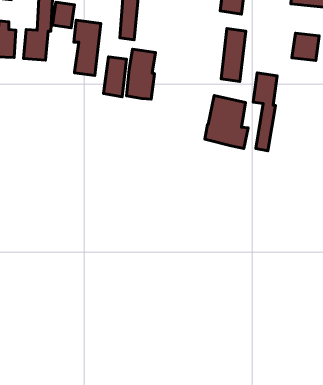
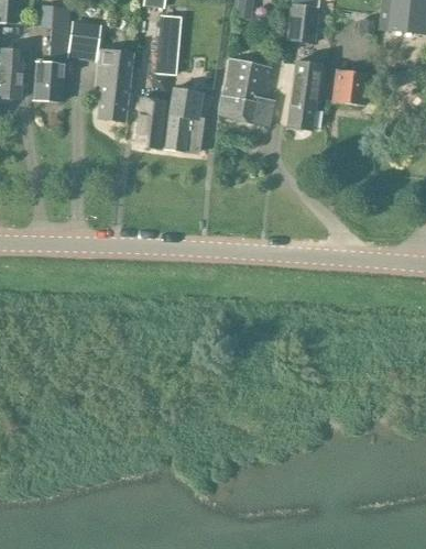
building: [292,33,319,60] -> [331,69,367,105]
building: [253,73,277,151] -> none
building: [205,96,248,148] -> [218,57,274,125]

